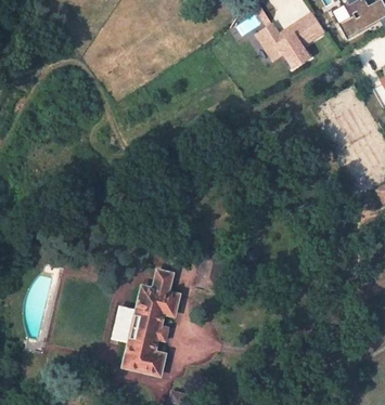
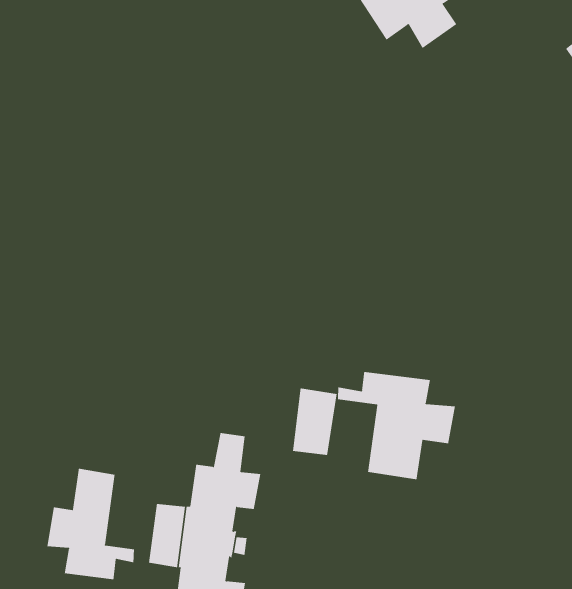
building: none -> [337,371,455,480]
building: none -> [47,468,135,580]

